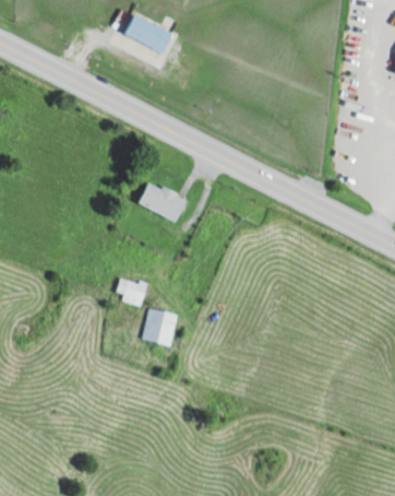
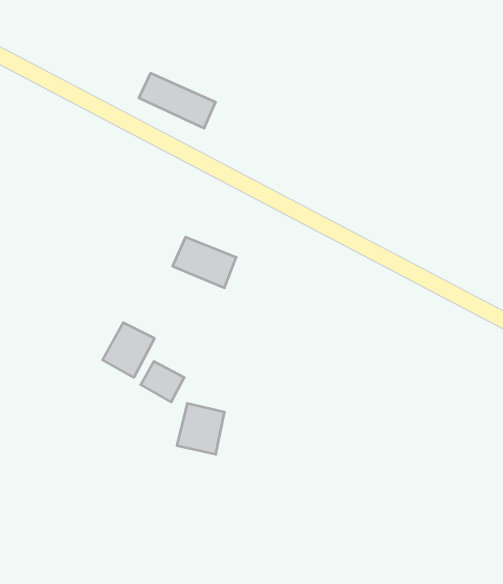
building: [115,11,172,52] -> [139,73,216,128]
building: none -> [103,323,154,377]

